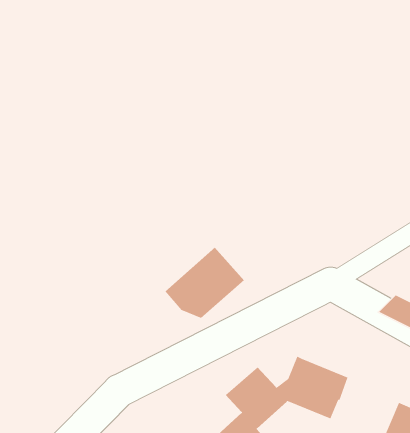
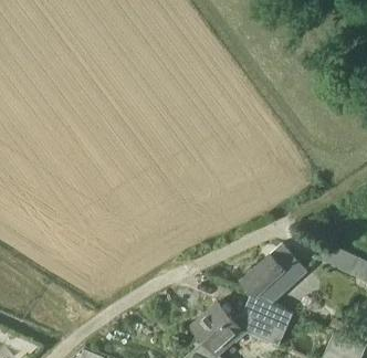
building: [165,247,245,319] -> [242,244,307,303]

